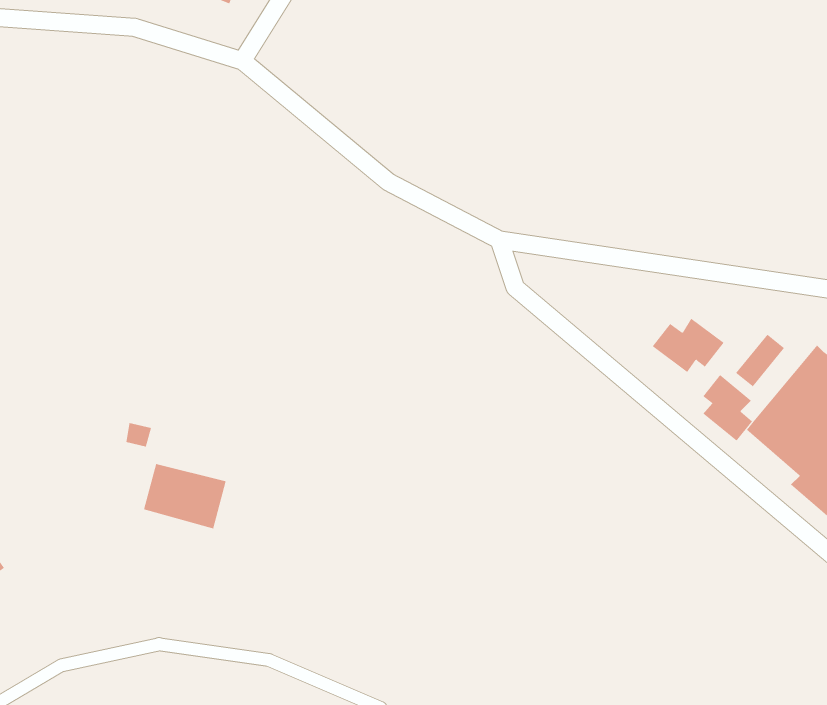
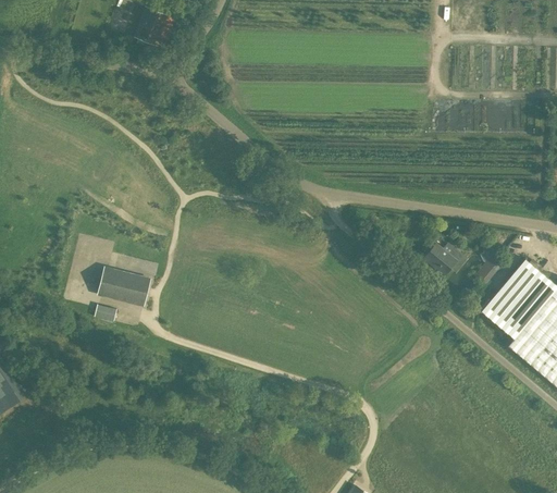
building: [703,374,753,441] -> none
building: [143,463,226,529] -> [99,267,150,307]

